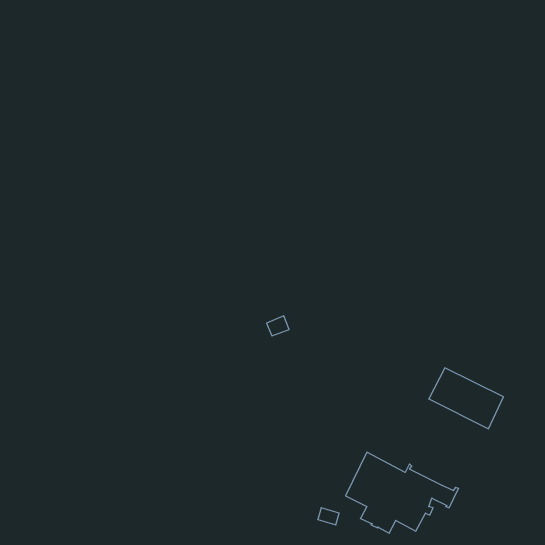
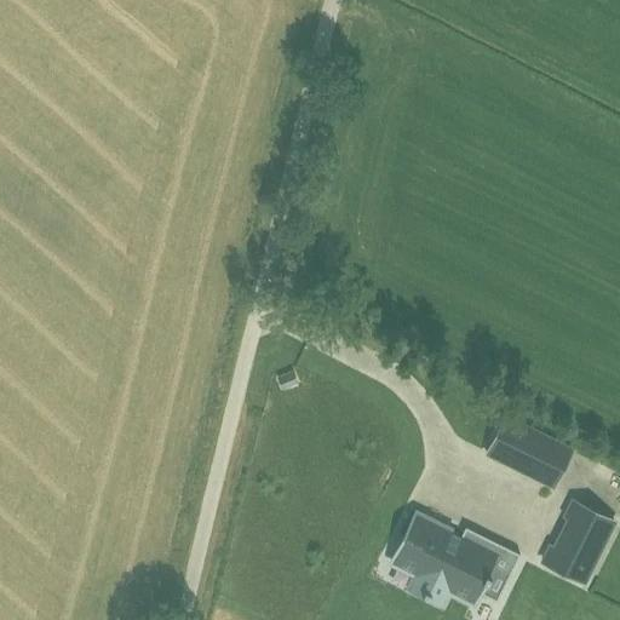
building: none -> [544,501,614,582]

